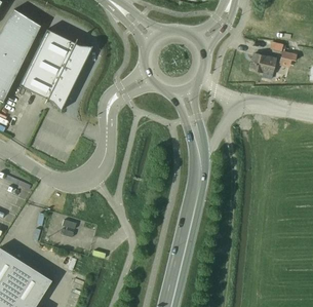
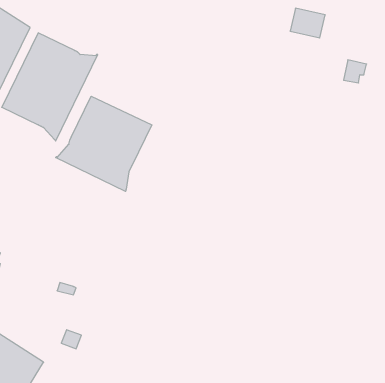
building: [249,52,276,75] -> [290,8,325,38]
building: none -> [56,96,152,191]

